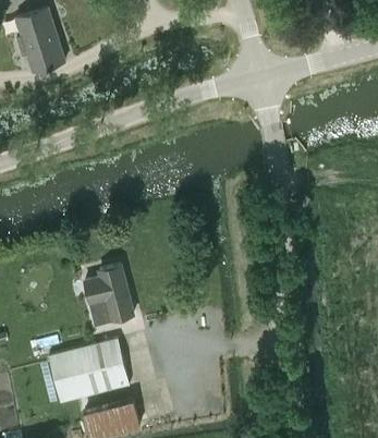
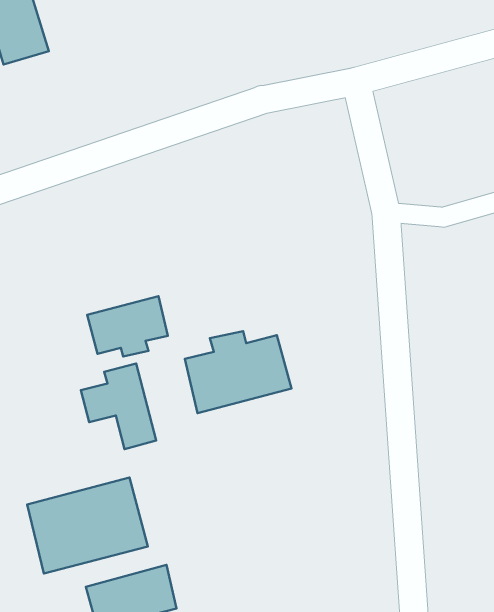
building: none -> [87,296,168,357]
building: none -> [185,331,291,413]

